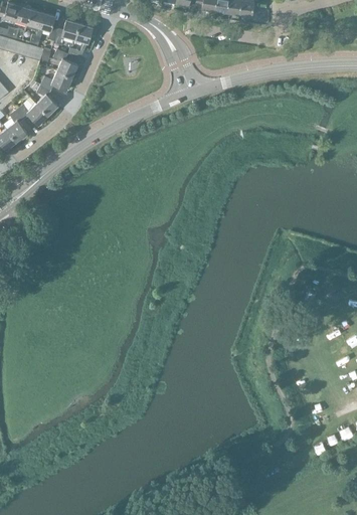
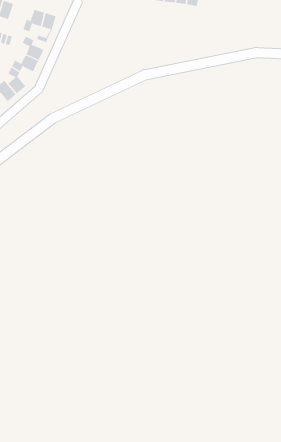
building: [34,13,59,45] -> none

